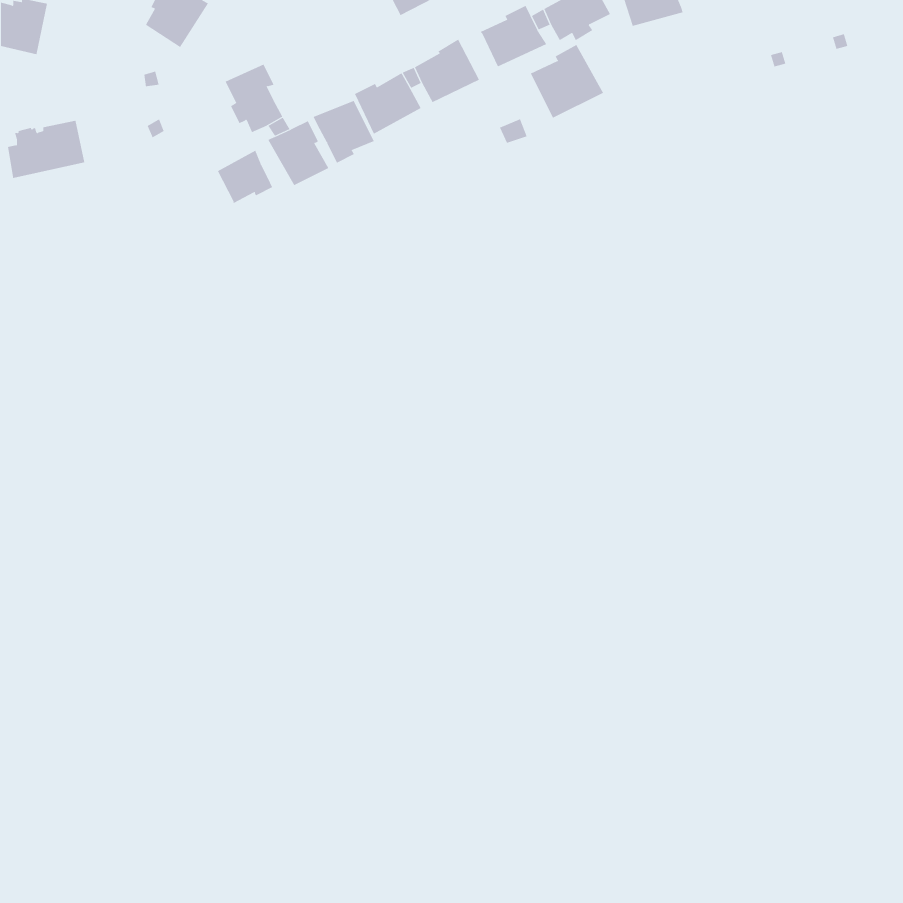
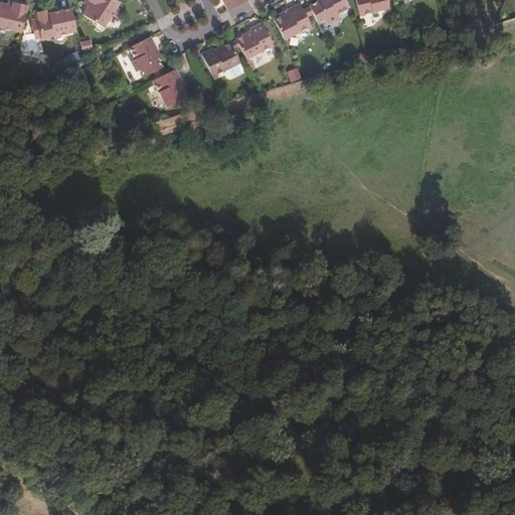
building: [530,44,604,118] -> none
building: [313,100,374,163] -> none
building: [7,120,85,179] -> [32,6,76,39]
building: [217,150,273,204] -> none

